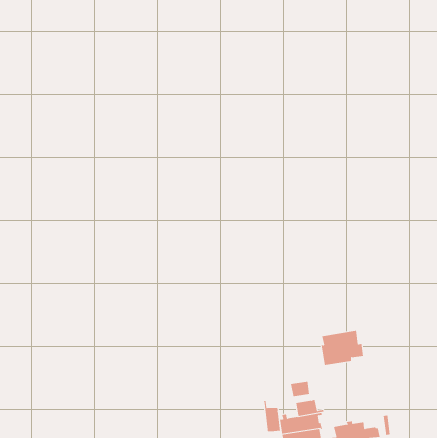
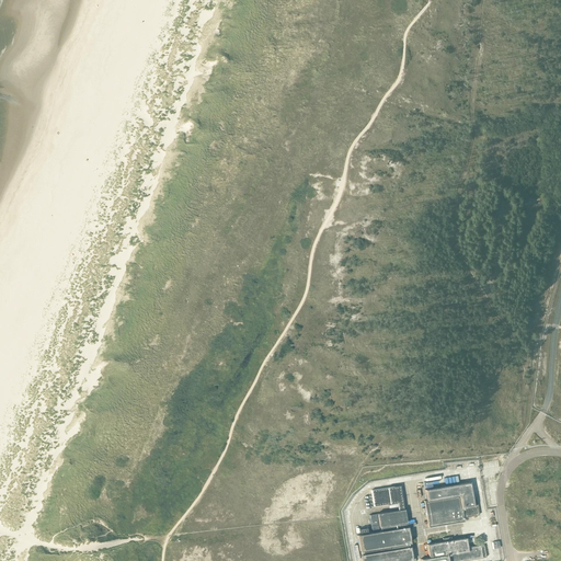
building: [321,330,364,365] -> [425,483,480,528]
building: [263,400,281,432] -> none

